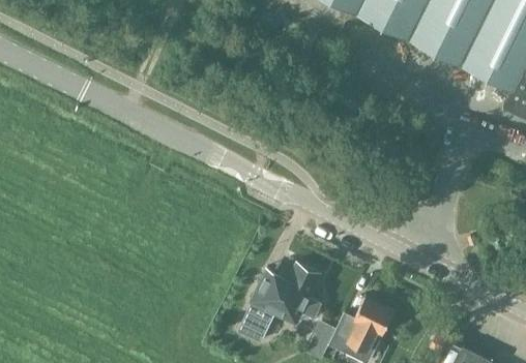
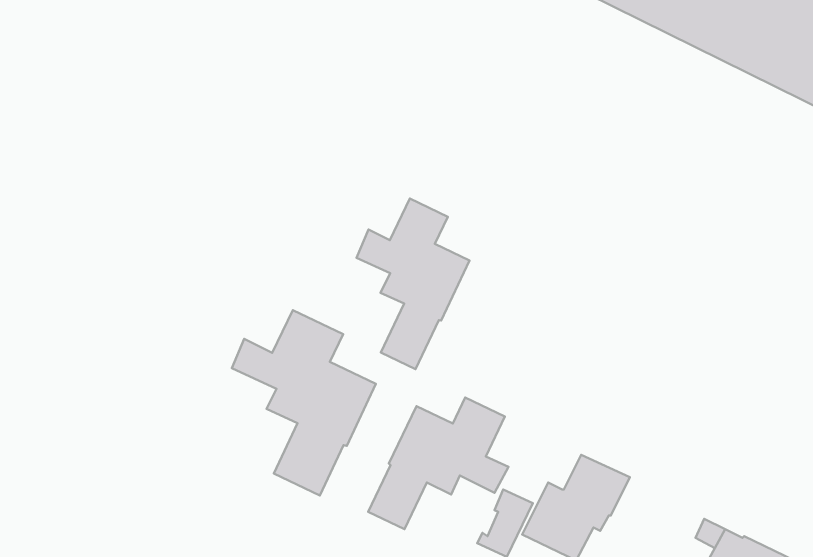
building: none -> [357,199,470,369]
building: none -> [232,310,376,496]

